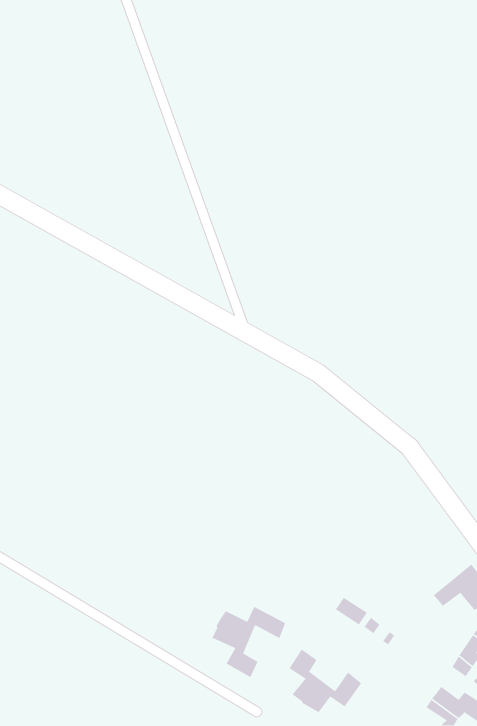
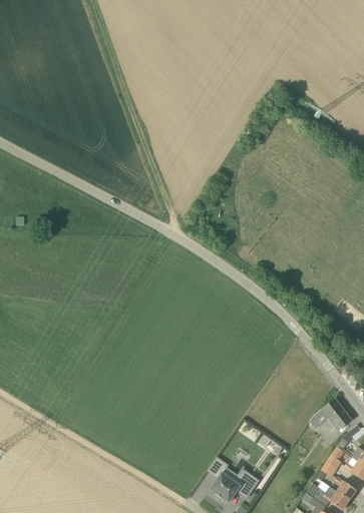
building: [211,606,286,678] -> none

